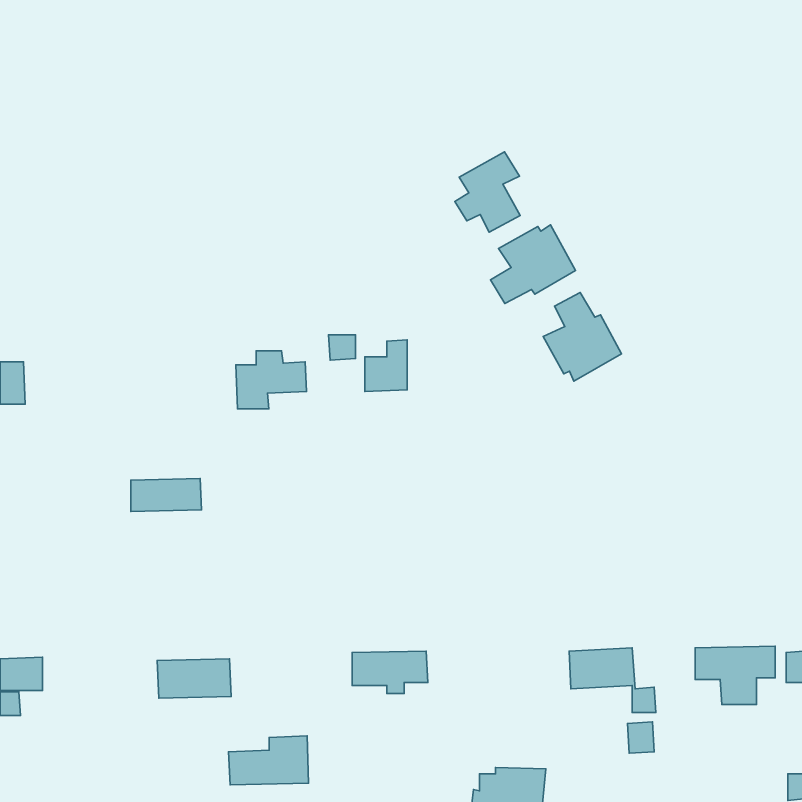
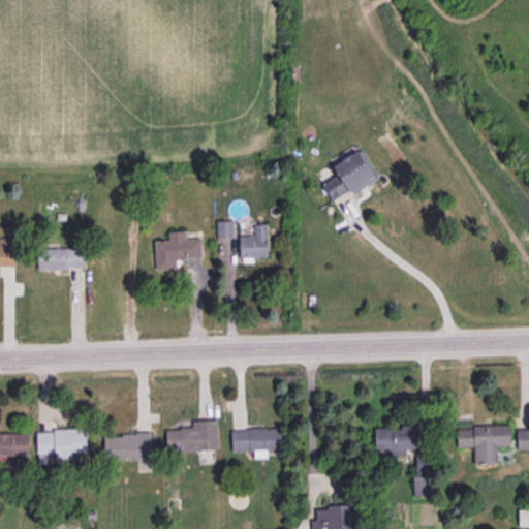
building: [455,152,520,232] -> none
building: [543,293,622,381] -> none
building: [131,478,202,512] -> [39,248,86,270]
building: none -> [37,429,87,460]
building: [228,736,309,785] -> [166,419,219,452]

